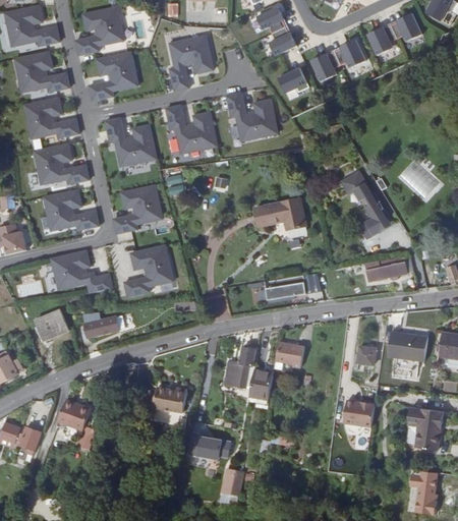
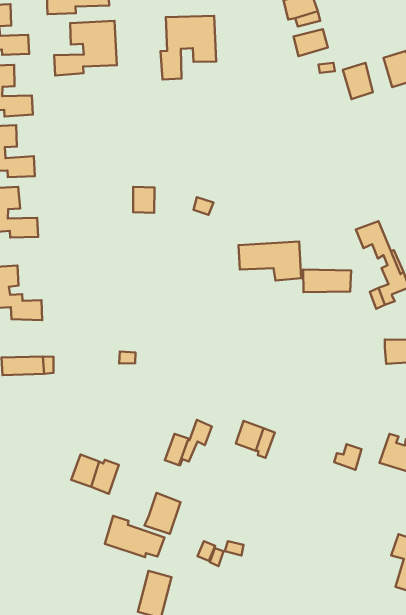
building: [278,66,307,93] -> none
building: [226,93,276,141] -> none
building: [165,105,216,154] -> none
building: [105,118,156,167] -> none
building: [113,185,161,233] -> none
building: [124,244,172,296] -> none
building: [267,276,305,298] -> [303,269,351,292]
building: [247,368,272,398] -> [145,493,180,534]
building: [346,398,375,423] -> none

